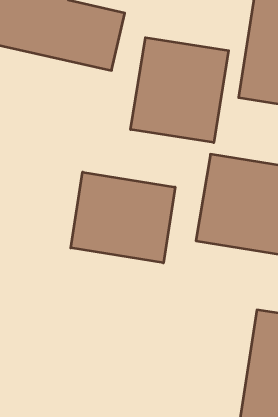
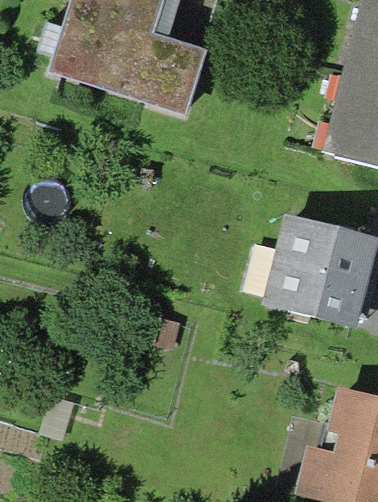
building: [131,38,229,143] -> none
building: [71,172,175,263] -> none

